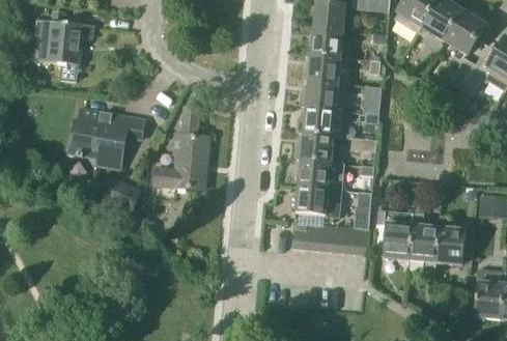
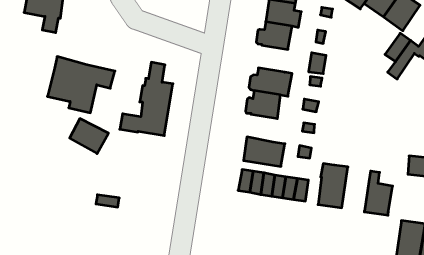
building: [300,80,338,109] -> none
building: [298,159,343,190] -> none
building: [410,204,439,261] -> none

